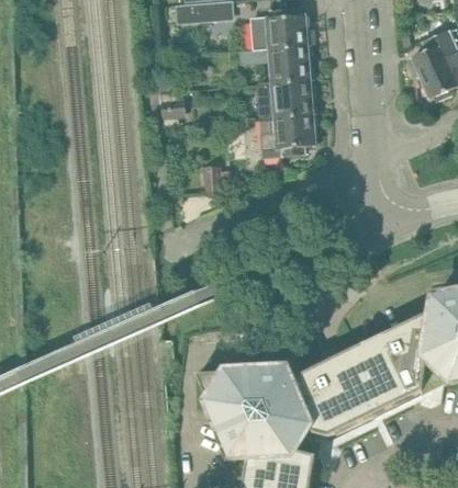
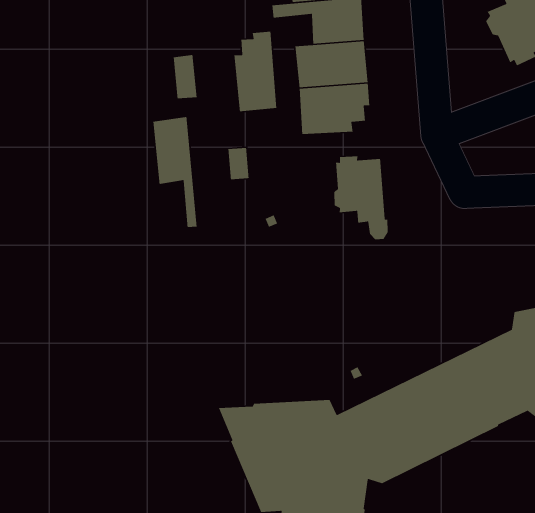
building: none -> [233,31,277,112]
building: none -> [153,116,198,228]
building: none -> [333,155,389,240]

